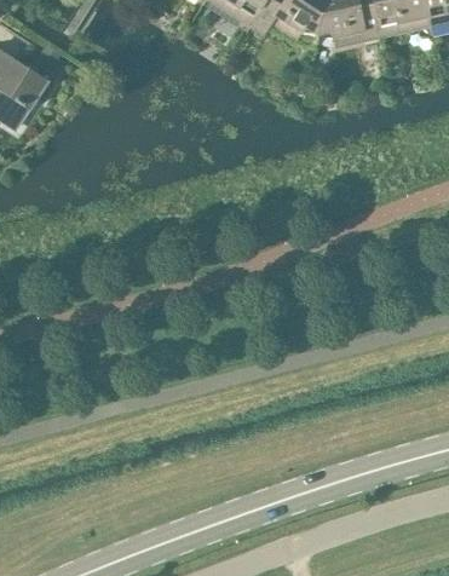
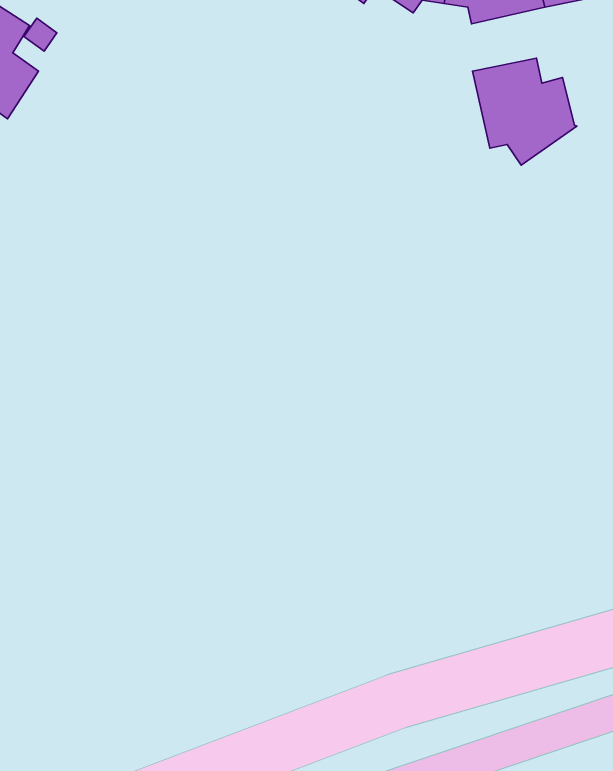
building: none -> [473,58,577,165]

